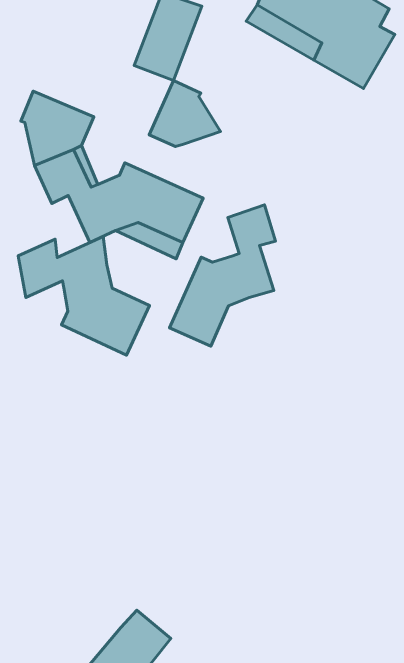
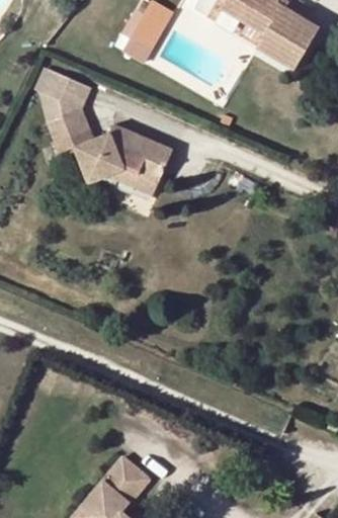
building: [149,81,220,146] -> none
building: [170,205,276,346] -> none
building: [18,236,150,355] -> none

